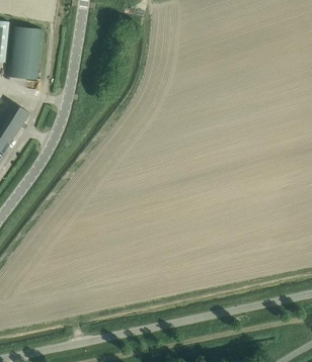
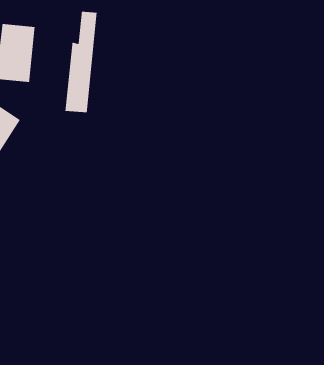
building: none -> [64,11,98,113]

